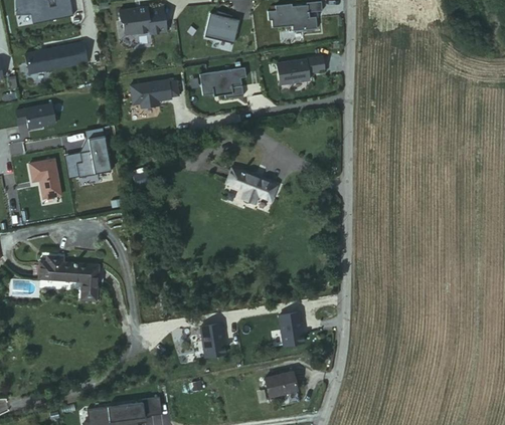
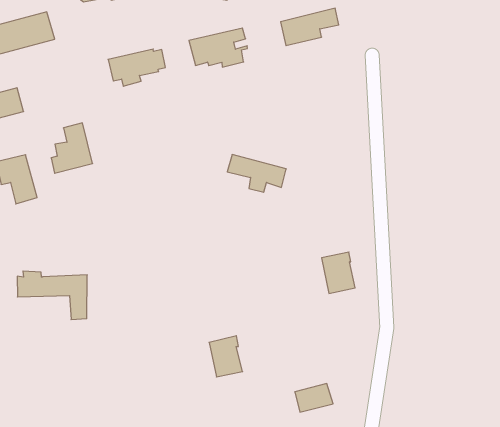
building: [276,311,302,345] -> [322,252,355,293]

